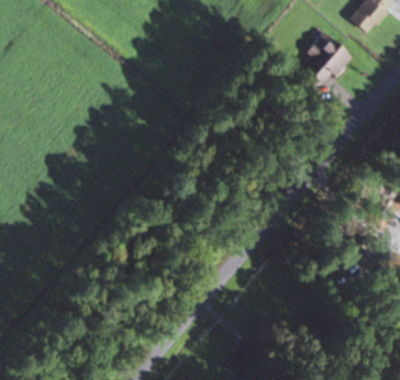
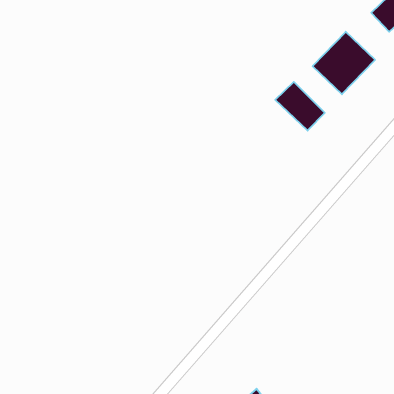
building: none -> [275,82,325,131]

